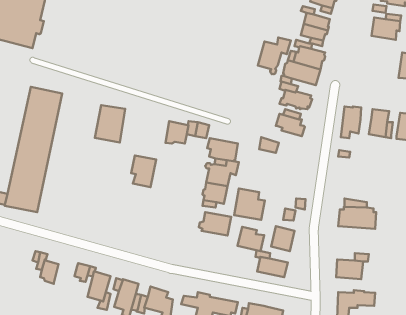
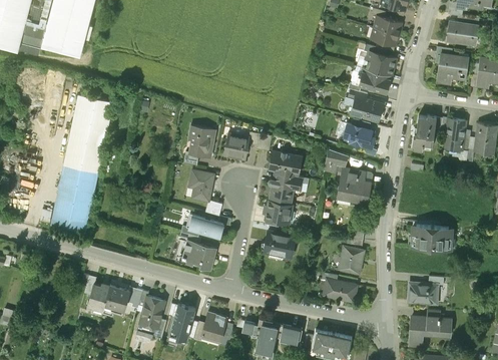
building: [258,38,291,74] -> none
building: none -> [437,54,468,83]
building: [95,105,125,142] -> [182,127,215,167]
building: [234,188,265,220] -> [338,169,371,204]
building: none -> [185,215,222,240]
building: none -> [182,240,216,268]
building: [237,227,264,251] -> none
building: none -> [104,285,129,311]

